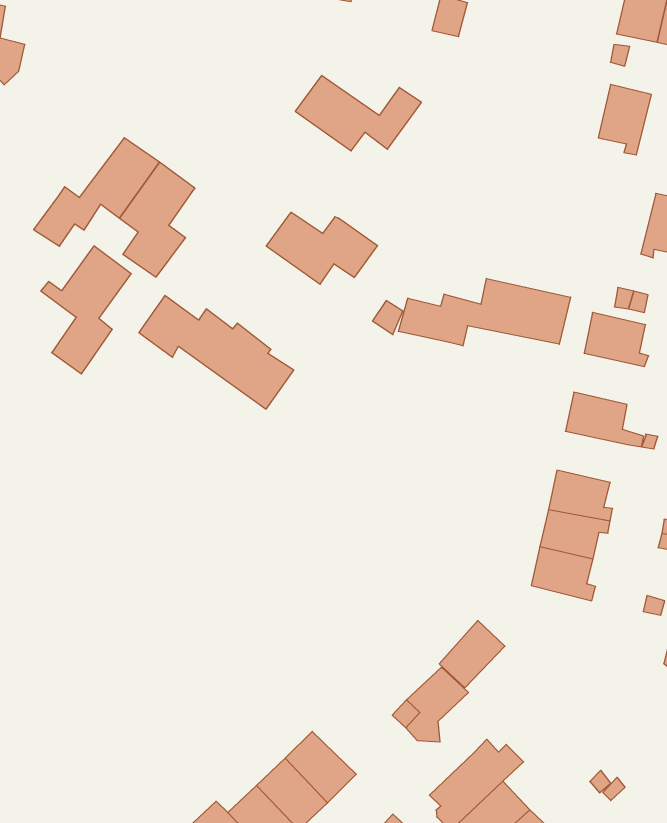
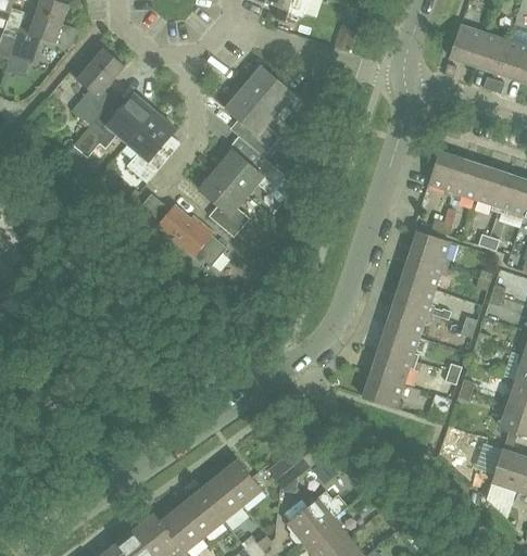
building: [598,84,651,155] -> [427,151,463,197]
building: none -> [225,87,279,156]
building: none -> [199,169,250,238]
building: [41,246,131,374] -> [68,47,126,126]
building: [398,278,571,346] -> none
building: none -> [400,255,446,290]
building: none -> [385,303,430,338]
building: [439,621,505,688] -> none
building: none -> [216,459,261,505]

